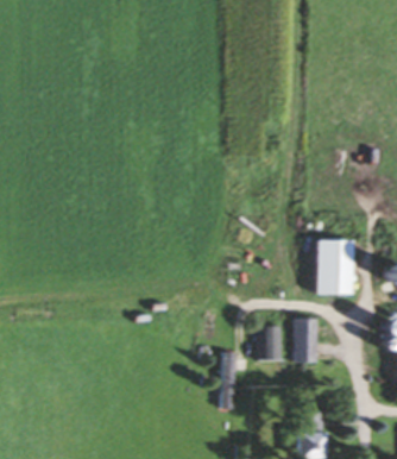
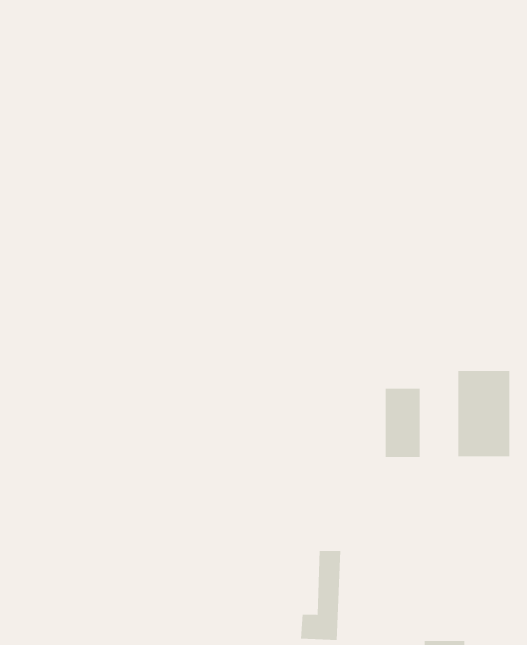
building: [296,319,319,363] -> [385,388,420,458]
building: [263,328,286,361] -> none

